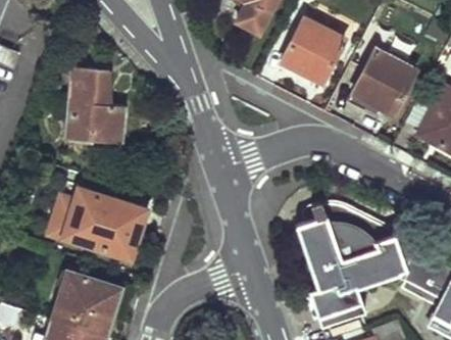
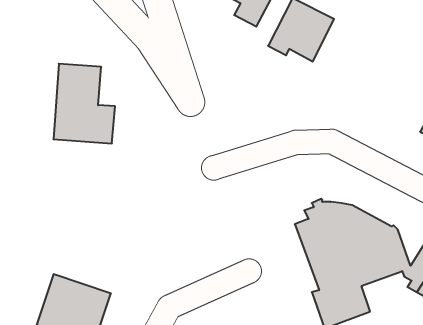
building: [340,40,408,108] -> none
building: [48,192,147,261] -> none

